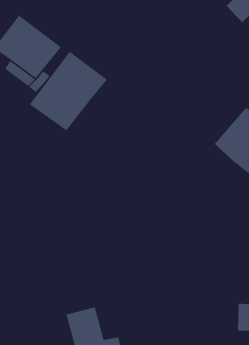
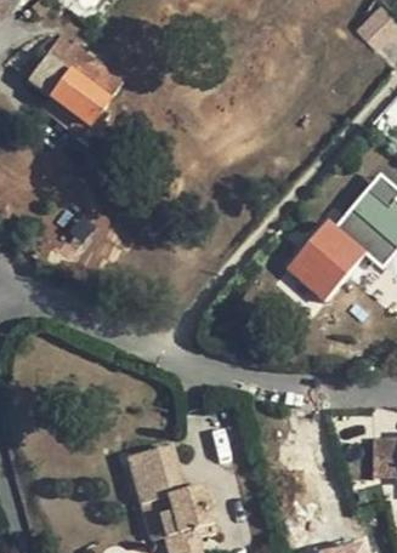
building: [29,51,108,131] -> none
building: none -> [284,213,367,298]

